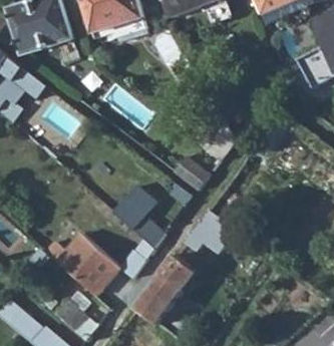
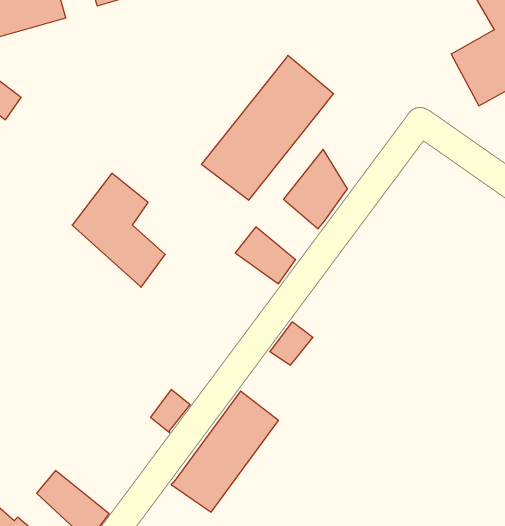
building: none -> [201,55,333,200]
building: [112,184,166,250] -> [72,173,165,287]
building: [54,234,118,297] -> none

